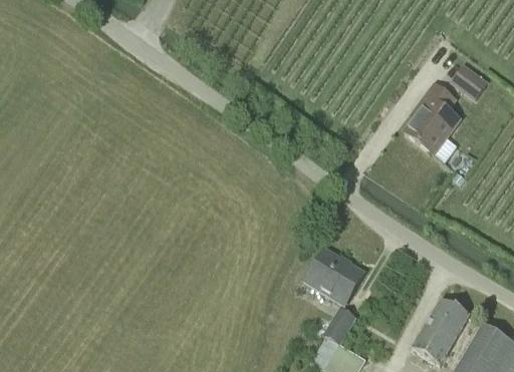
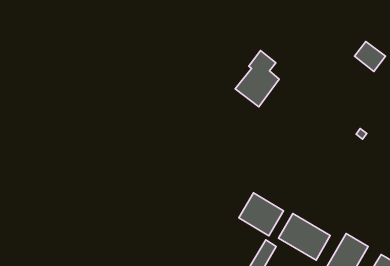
building: [404,82,458,151] -> [235,51,279,107]
building: none -> [279,214,330,260]

